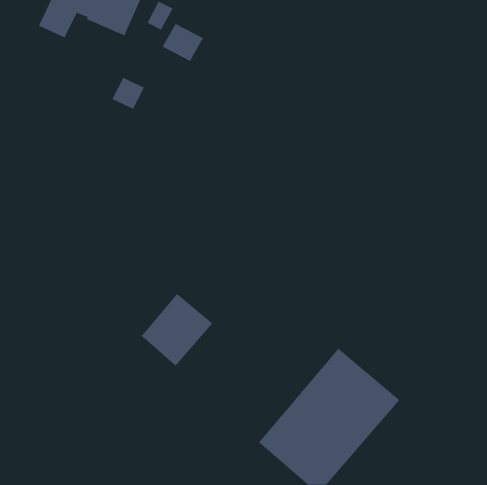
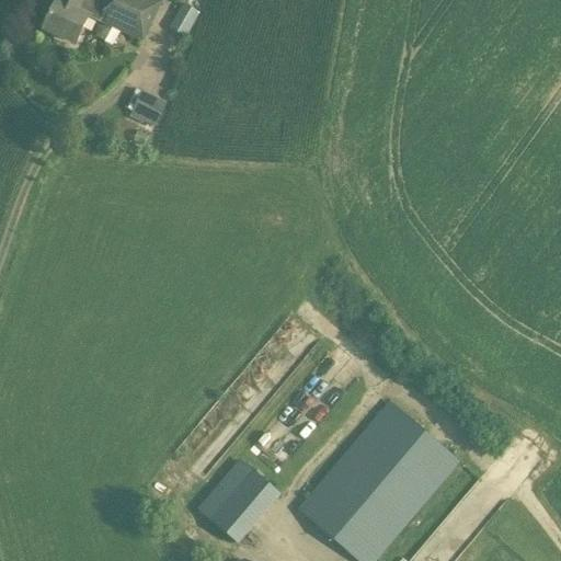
building: [162,23,204,62] -> none
building: [141,293,213,366] -> [197,459,280,543]

